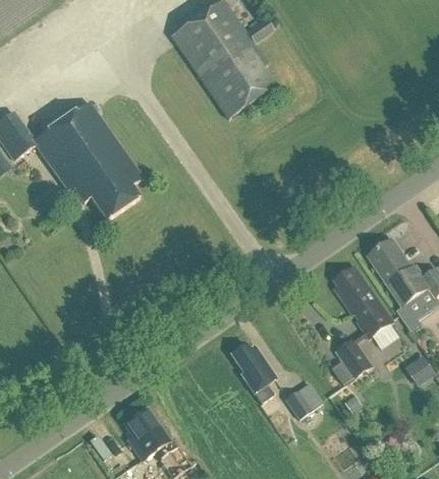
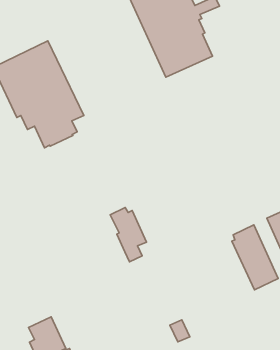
building: [336,338,372,376] -> none
building: [229,342,275,402] -> [110,207,146,262]

